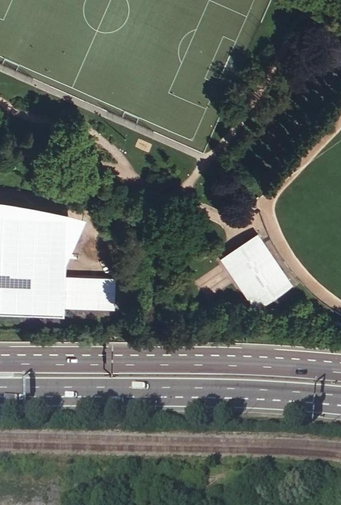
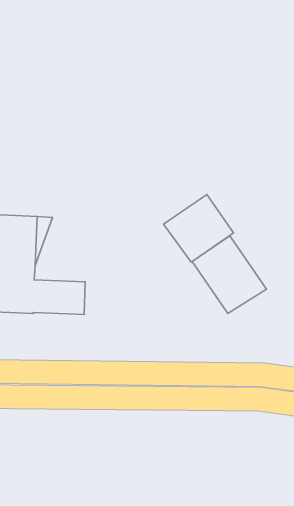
building: none -> [163,194,234,262]

